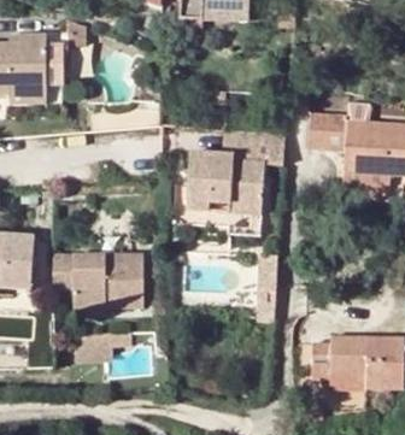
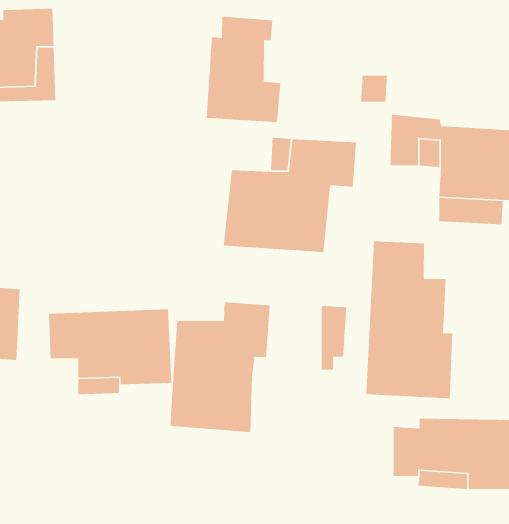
building: none -> [206,16,281,123]
building: none -> [365,240,453,399]
building: none -> [170,301,270,433]

